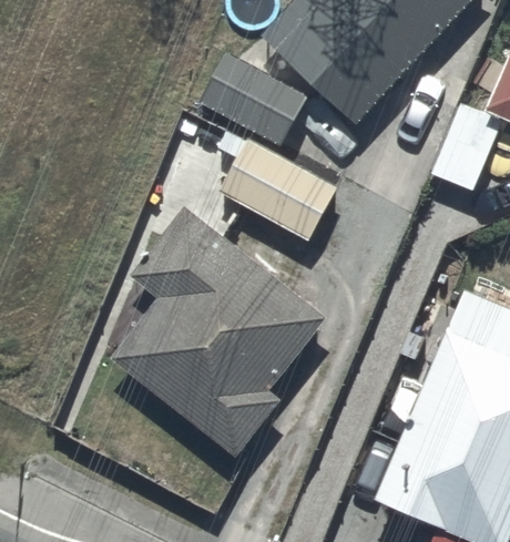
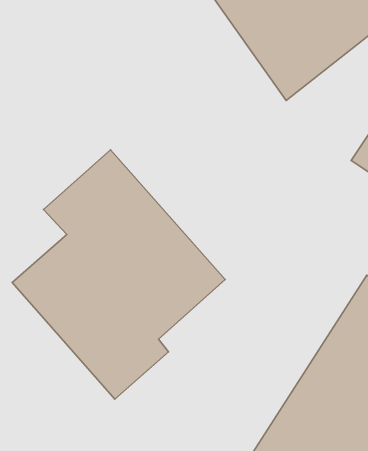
building: [200,53,336,242] -> none

